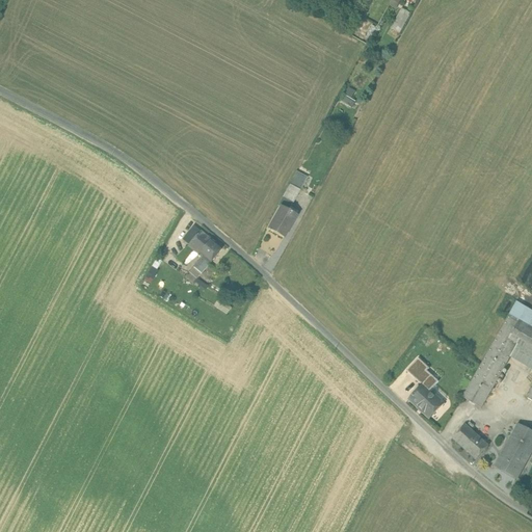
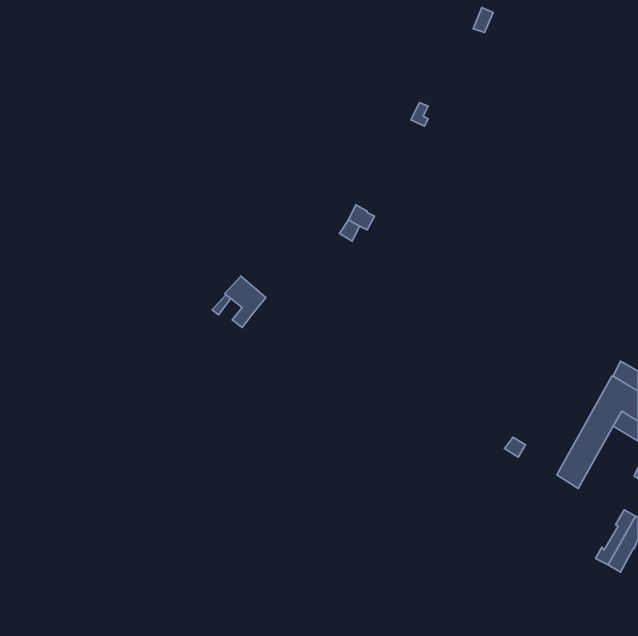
building: [268,205,296,237] -> none
building: [410,383,443,416] -> none
building: [453,423,489,458] -> none

